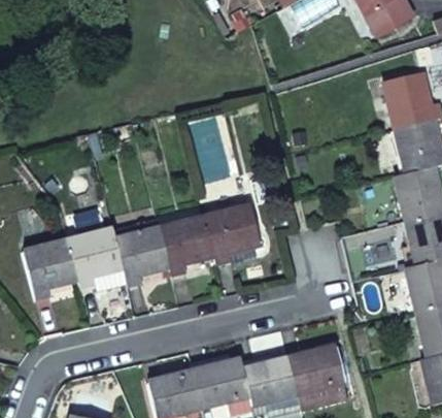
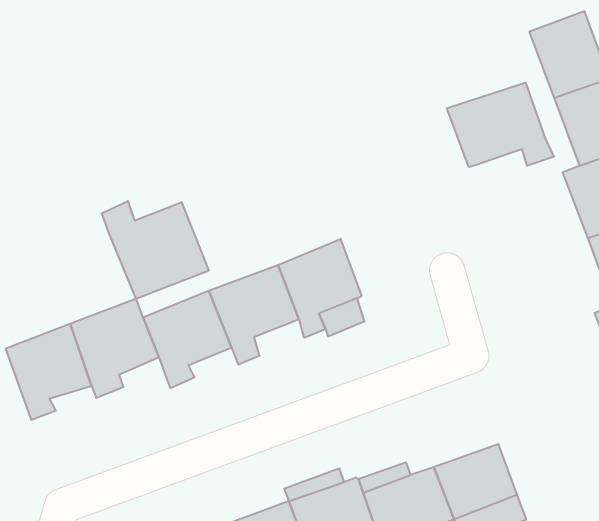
building: none -> [447,83,554,167]
building: none -> [102,201,209,299]

